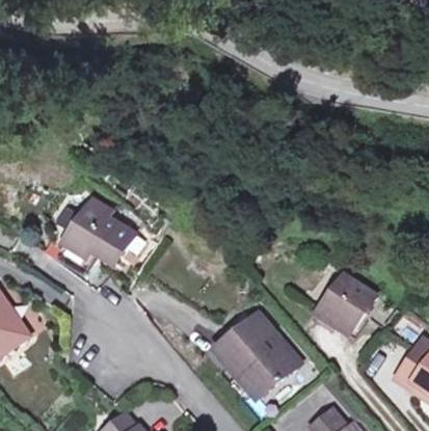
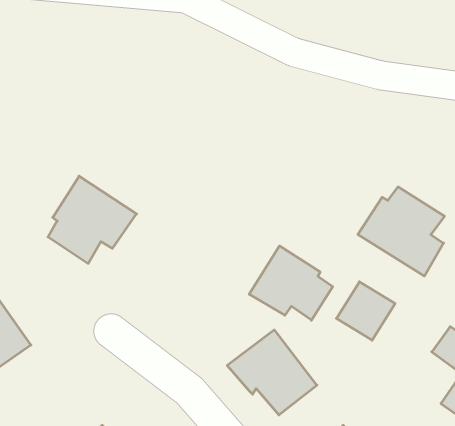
building: none -> [358,187,444,276]
building: none -> [249,246,333,320]

